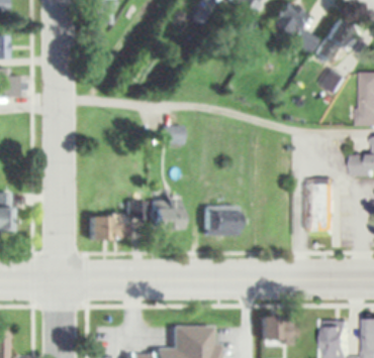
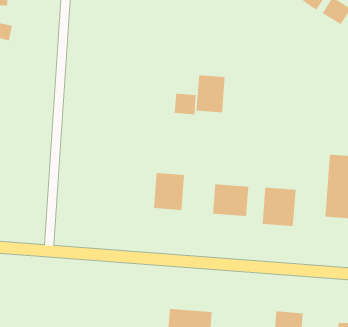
building: none -> [196,75,225,113]
building: [91,202,149,240] -> none
building: none -> [262,187,296,227]

